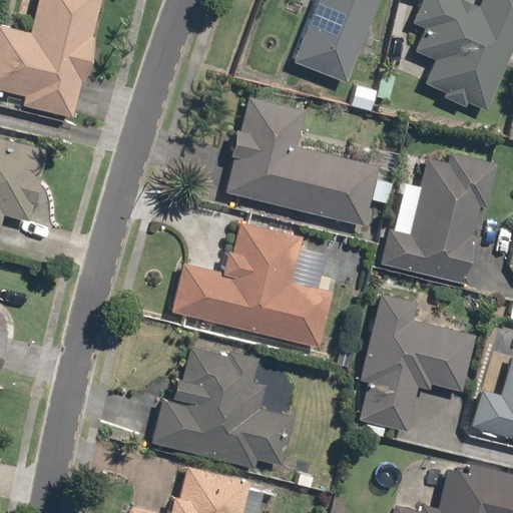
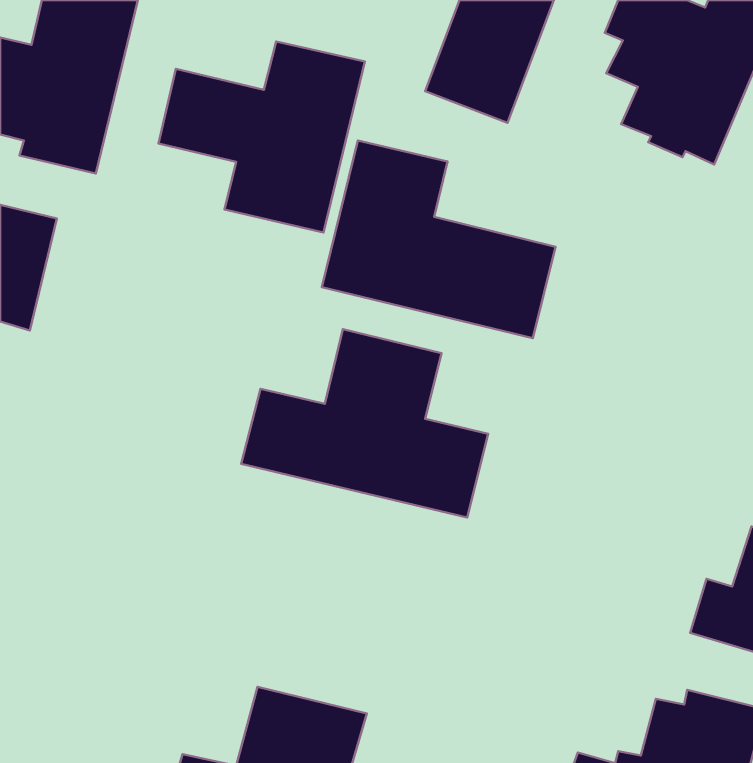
building: none -> [158,41,365,232]
building: [379,151,498,287] -> none
building: [356,295,475,432] -> none
building: [149,343,296,473] -> none

